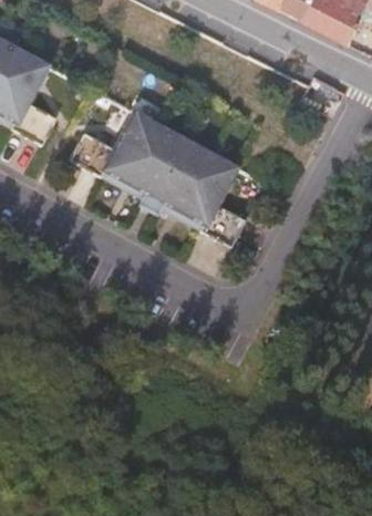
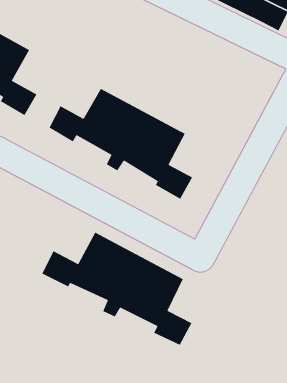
building: none -> [41,231,193,346]

